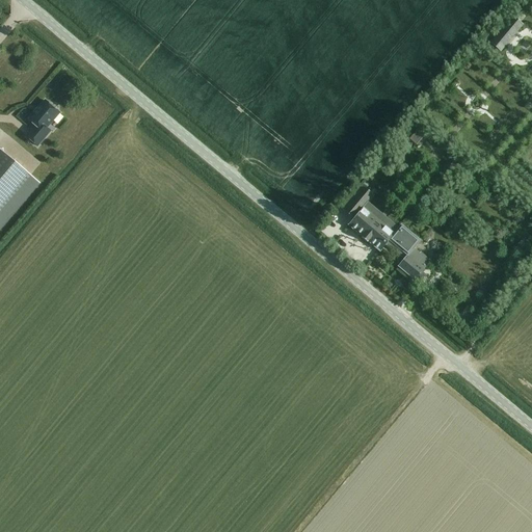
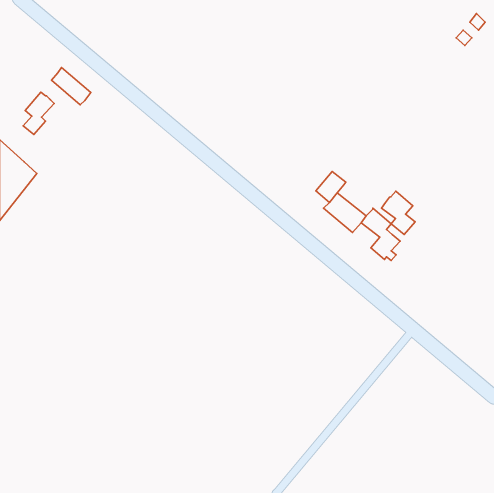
building: none -> [51,67,91,105]
building: none -> [382,191,415,234]

